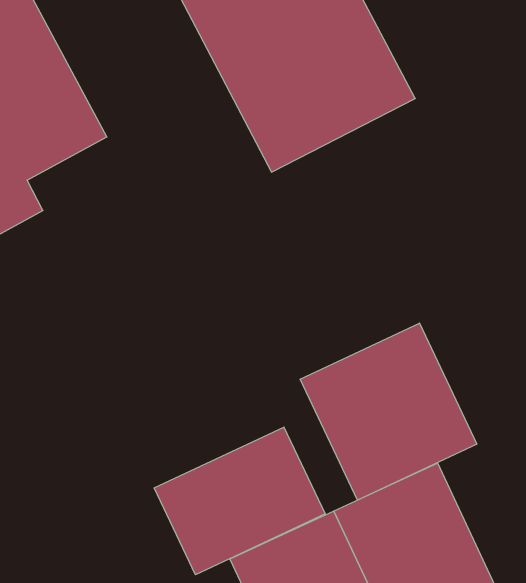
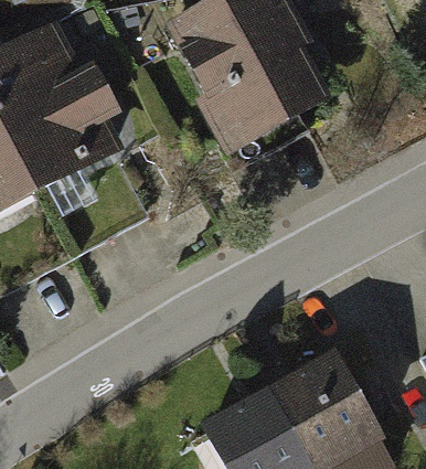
building: [300,323,477,500] -> none
building: [154,427,325,575] -> none

